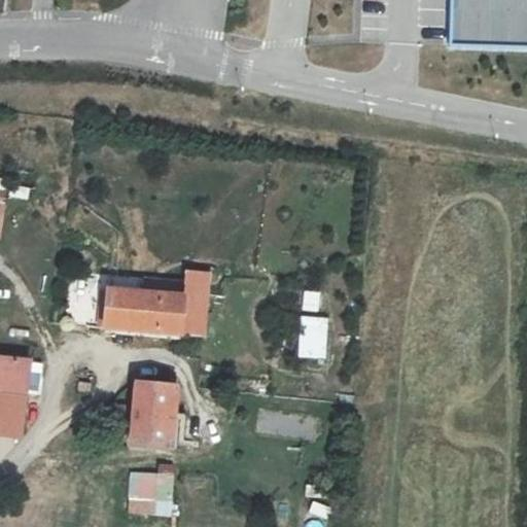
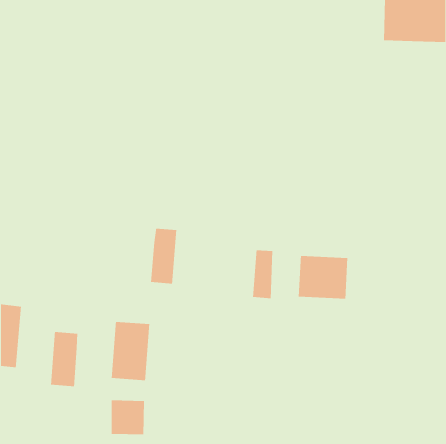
building: [105,280,181,333] -> none
building: none -> [298,255,348,299]
building: none -> [50,331,78,387]

